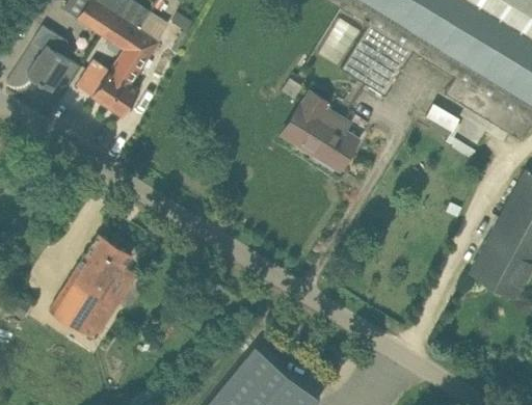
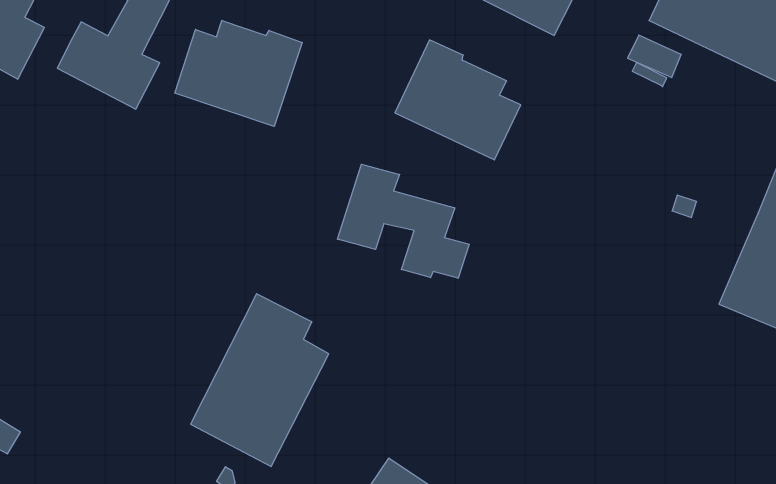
building: none -> [175,20,302,126]
building: none -> [337,164,469,278]
building: [51,234,140,341] -> [191,294,329,466]

